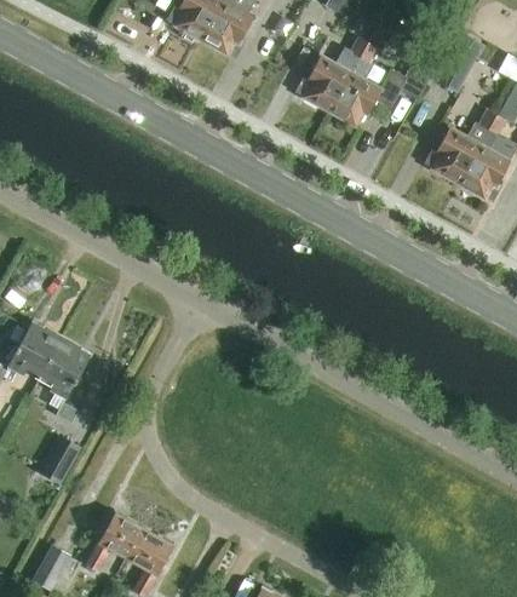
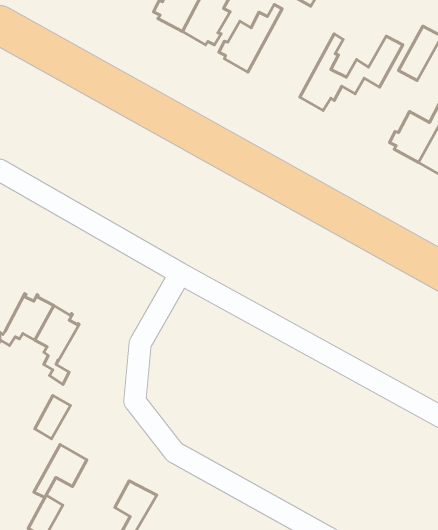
building: [298,38,367,111] -> [219,4,282,72]
building: [85,513,143,572] -> [34,444,87,498]

